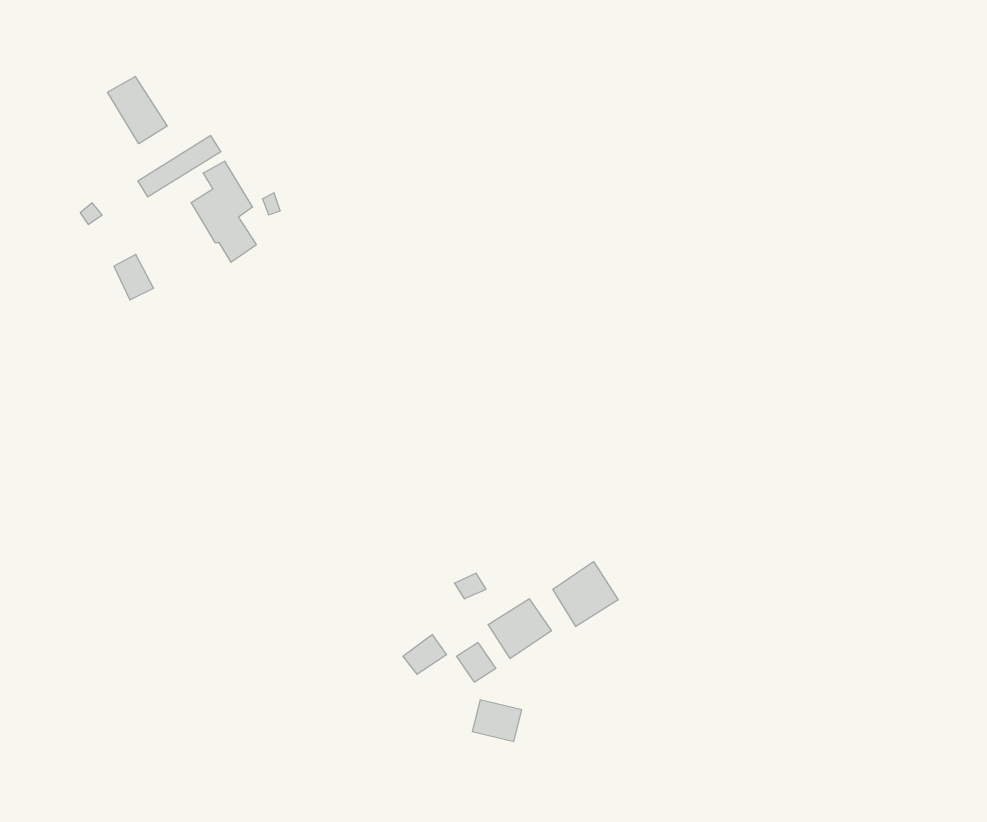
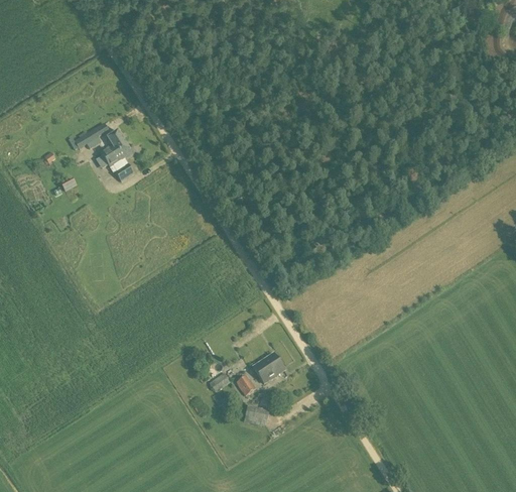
building: [108,76,167,144] -> none
building: [553,562,618,627] -> none

